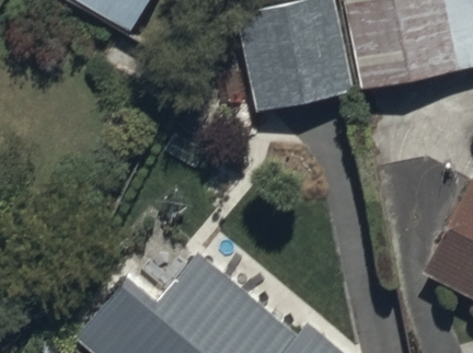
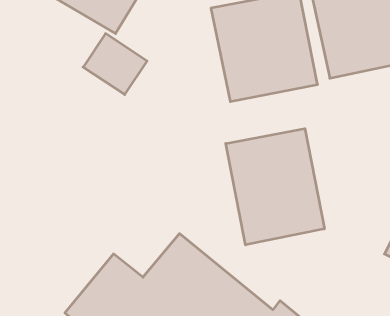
building: none -> [226,129,324,245]

